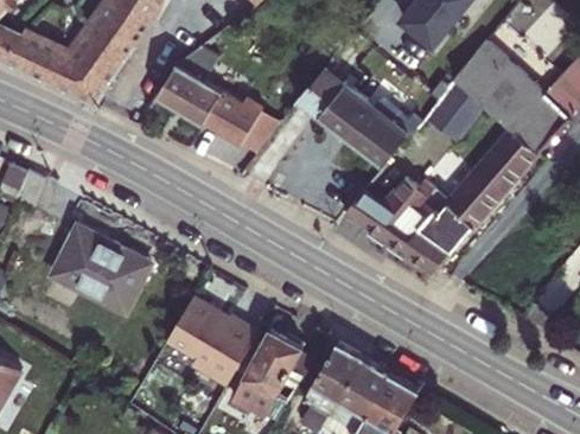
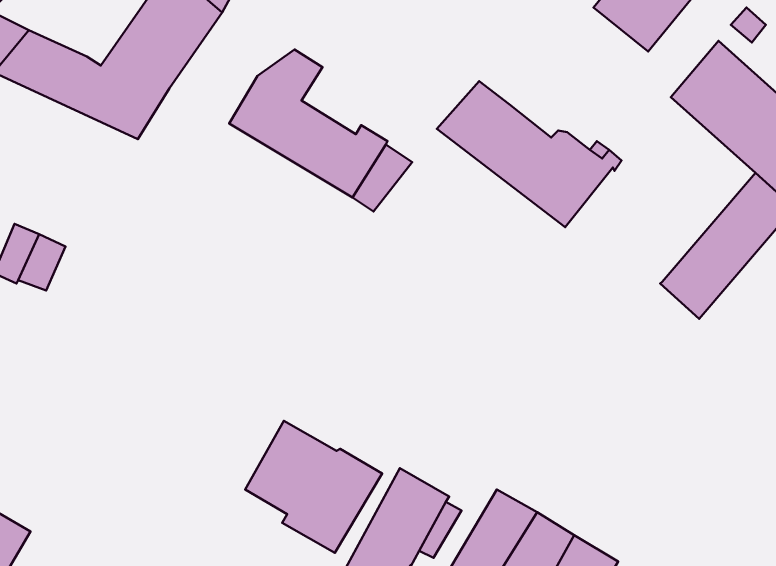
building: [428,82,482,138] -> none
building: [343,177,472,274] -> none
building: [51,225,147,312] -> none

